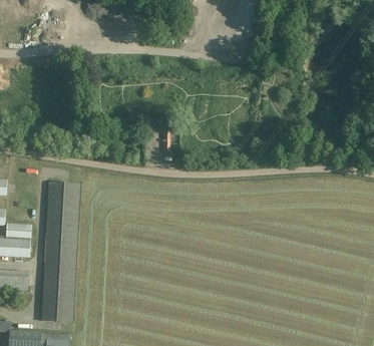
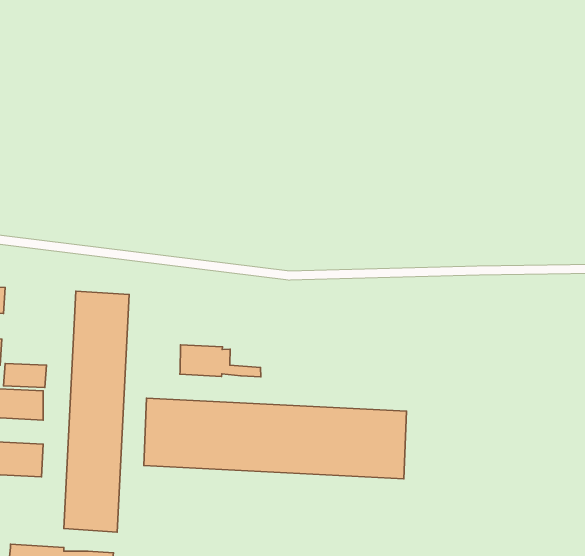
building: none -> [180,345,261,377]
building: none -> [144,398,406,479]

